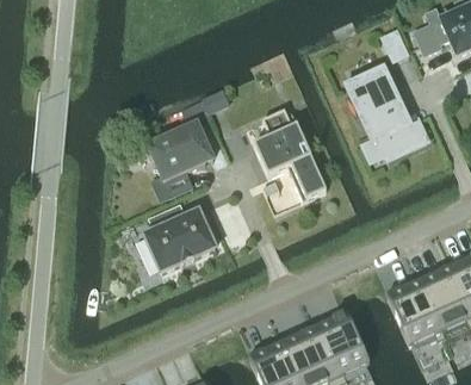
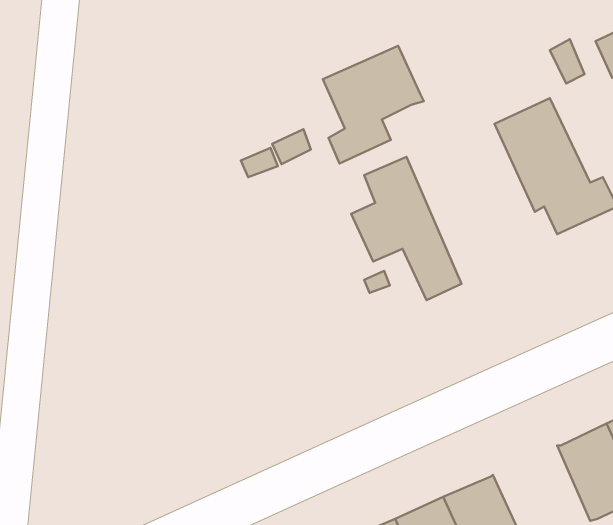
building: [148,123,213,199] -> [323,46,424,164]
building: [144,206,215,271] -> none

